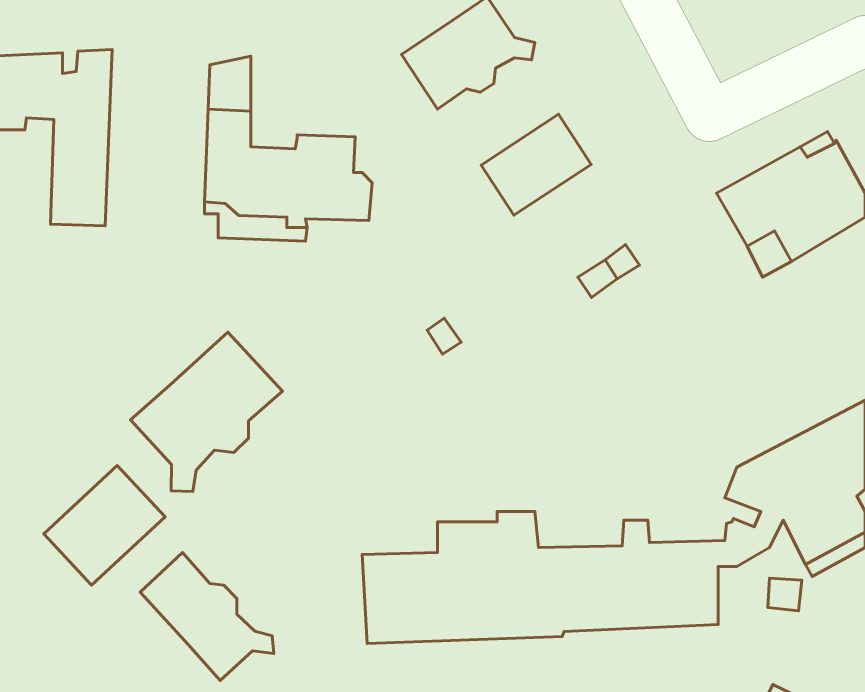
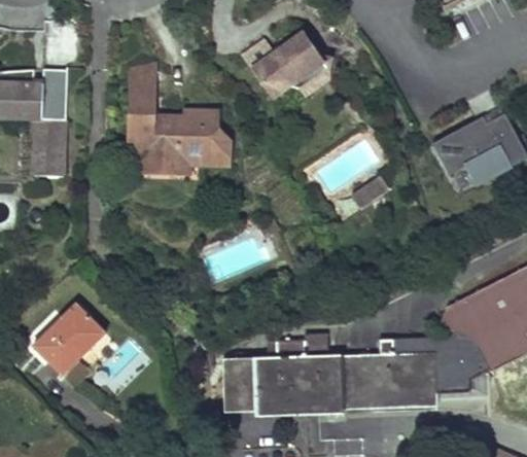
building: [481,114,591,215] -> none
building: [130,332,283,492] -> none
building: [140,553,274,680] -> none

